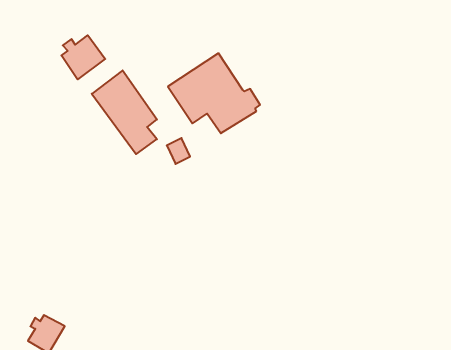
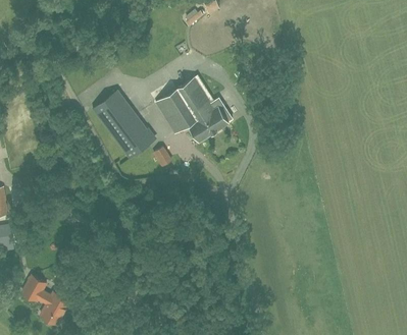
building: [61,35,105,79] -> none
building: none -> [21,275,46,301]

